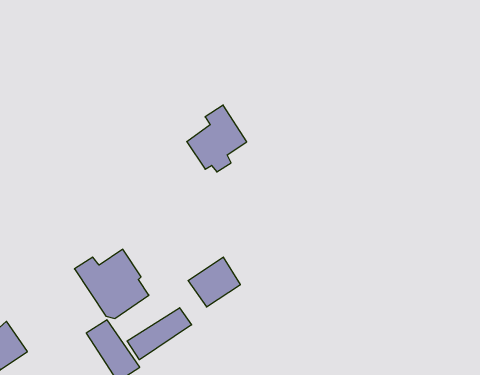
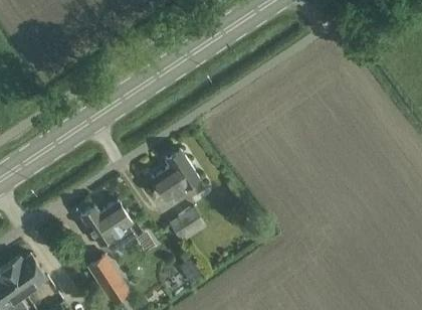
building: [187,105,247,172] -> [152,150,198,201]
building: [127,308,192,360] -> none

